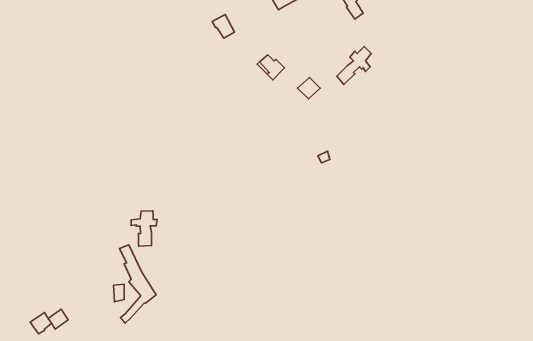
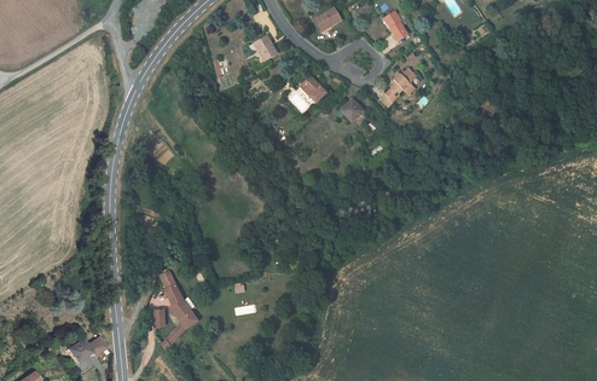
building: [131,211,157,246] -> none

